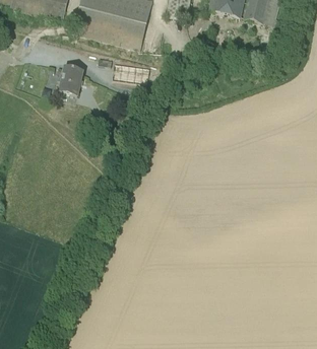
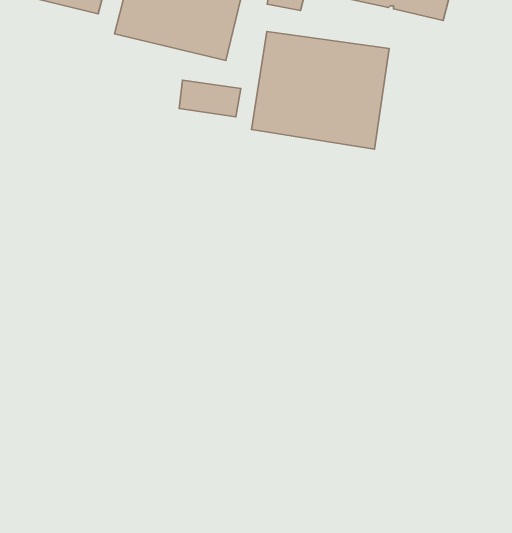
building: none -> [251,32,389,149]
building: [59,67,82,93] -> none

